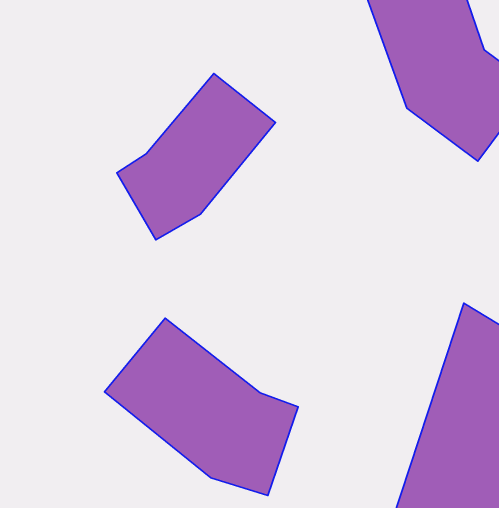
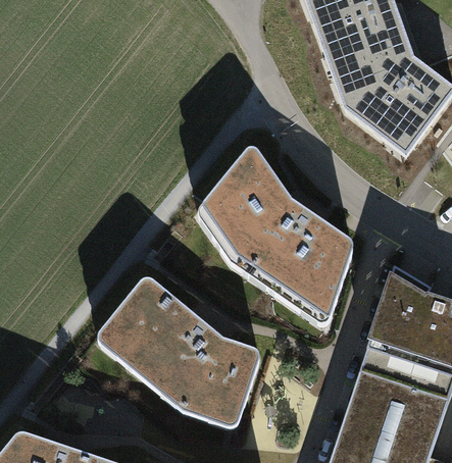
building: [117,74,276,240] -> none
building: none -> [200,145,355,322]

